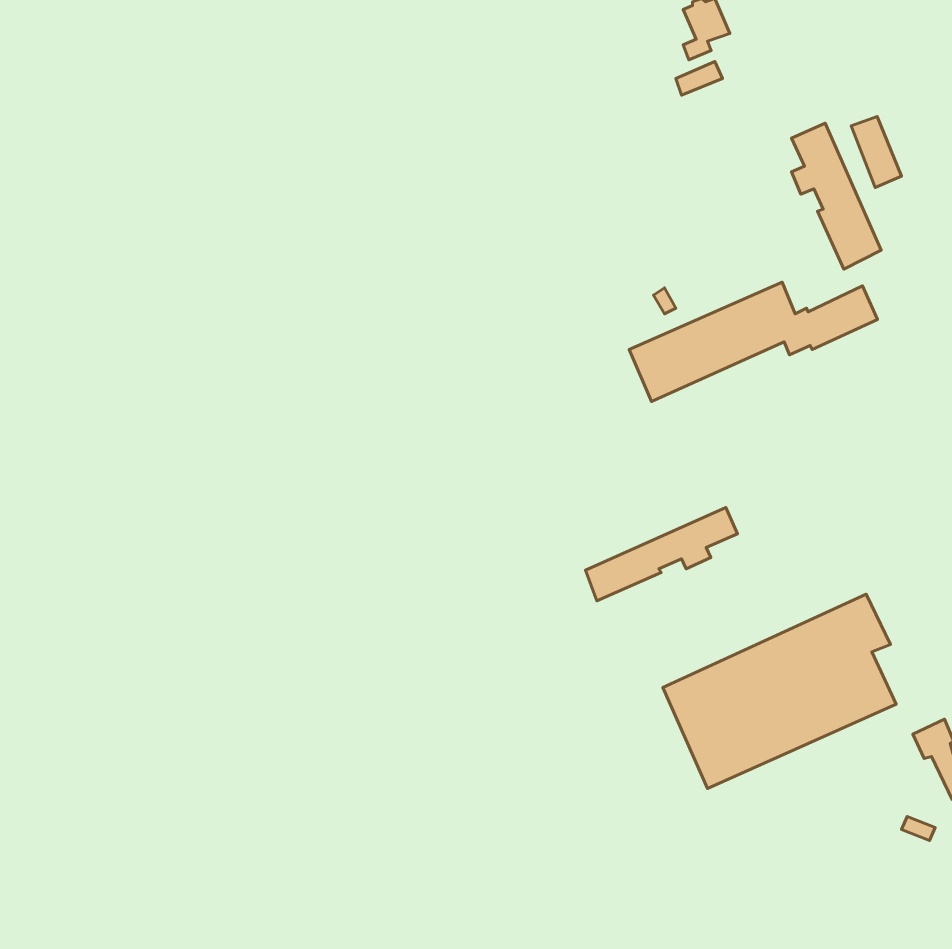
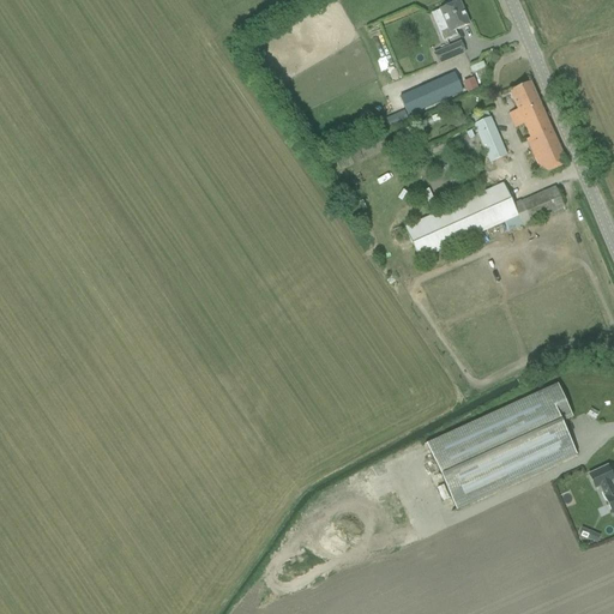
building: none -> [401,70,463,113]
building: [851,116,901,187] -> [474,115,506,161]
building: [585,508,737,601] -> none

